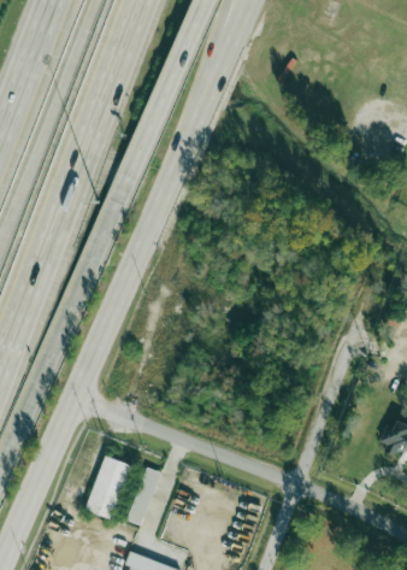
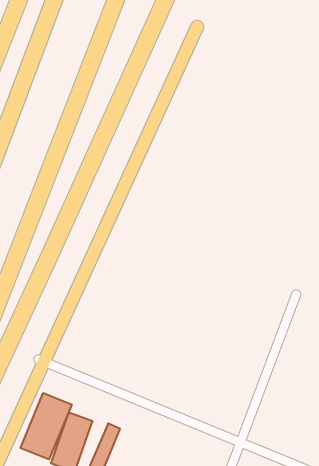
building: none -> [20,393,72,459]

